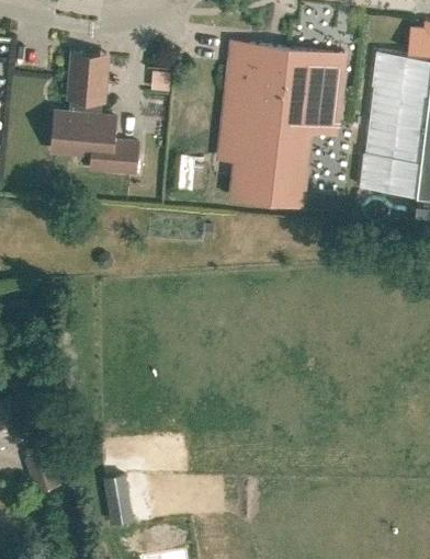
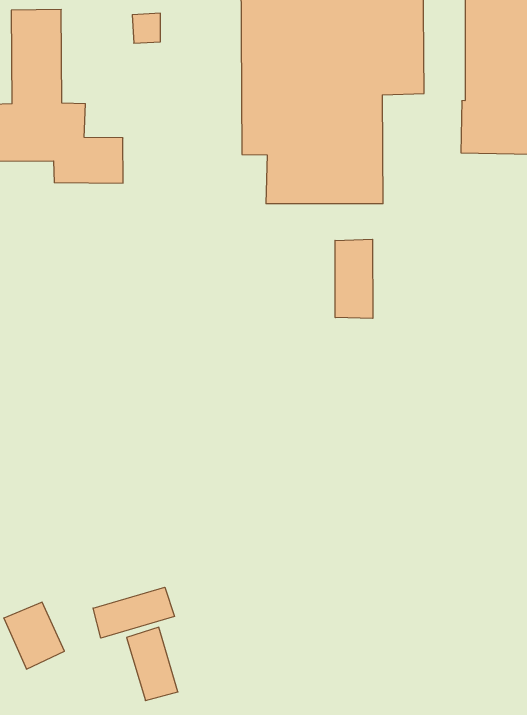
building: none -> [335,239,373,318]
building: none -> [93,587,174,638]

